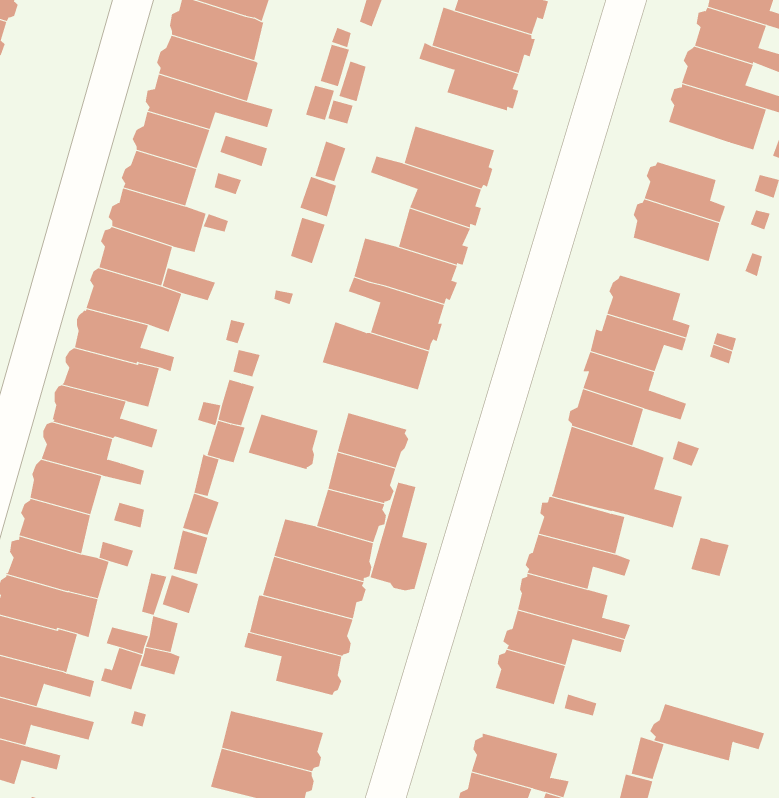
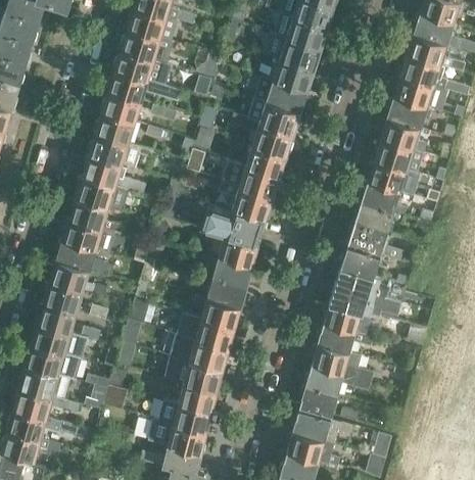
building: none -> [256,76,307,111]
building: none -> [389,96,429,128]
building: none -> [369,159,421,194]
building: [248,414,319,470] -> [220,234,258,265]
building: [370,482,428,591] -> none
building: none -> [159,398,212,431]
building: [650,703,765,761] -> [291,411,354,442]

